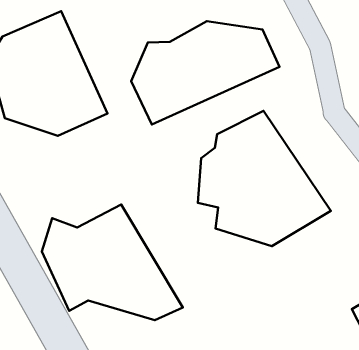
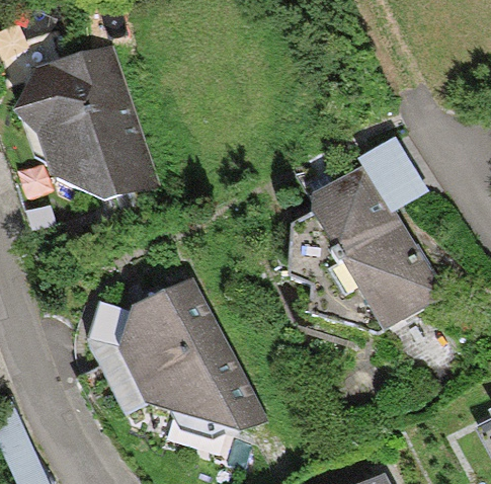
building: [131,21,279,124] -> none

